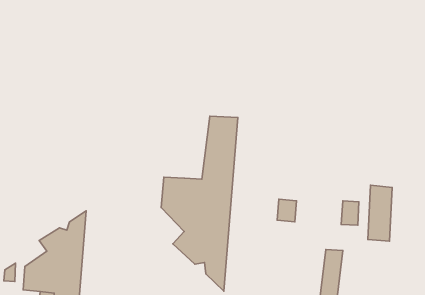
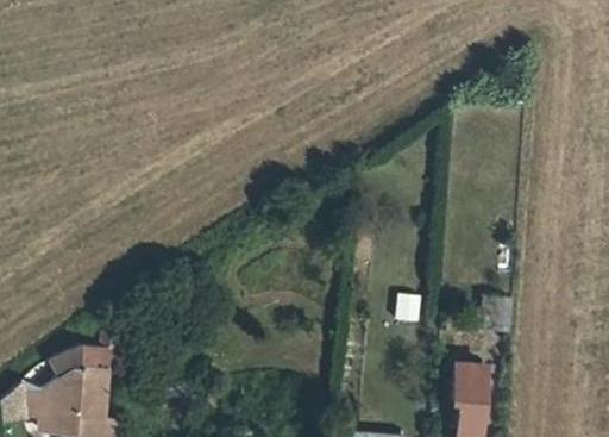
building: [161,116,238,291] -> none
building: [368,185,392,241] -> none

